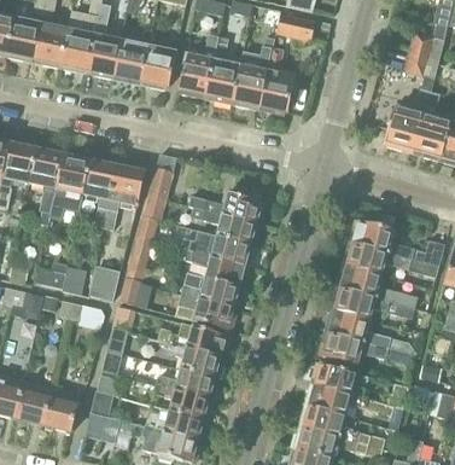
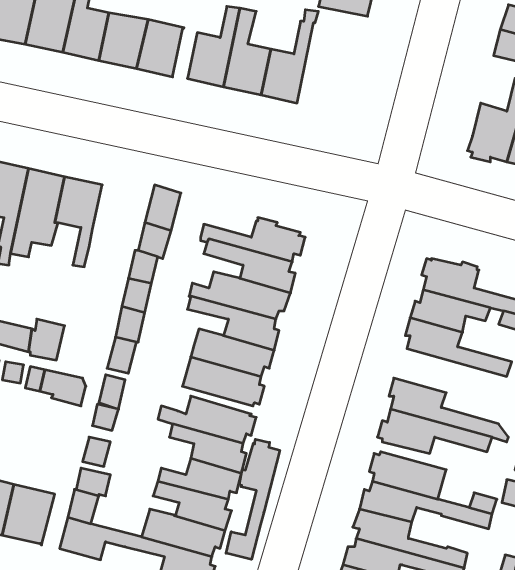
building: [259,47,294,111] -> none
building: [103,167,144,229] -> none
building: [88,266,121,302] -> none
building: [331,287,414,320] -> none
building: none -> [226,439,280,559]

